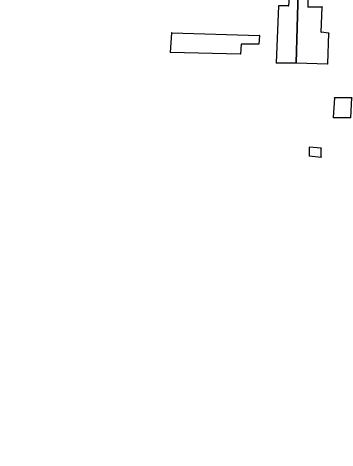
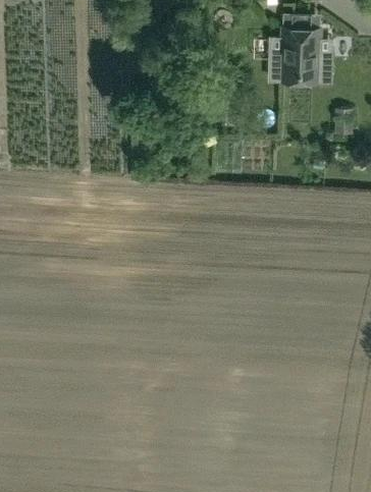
building: [170,33,259,54] -> none

